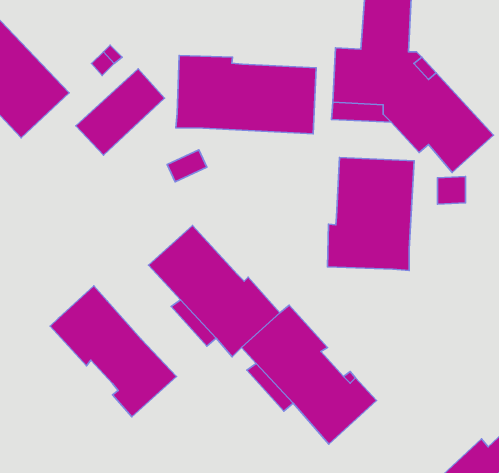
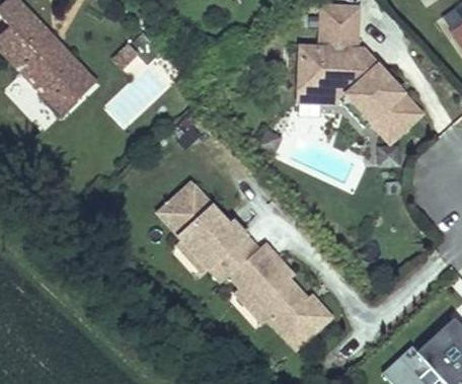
building: [176,55,316,134] -> none
building: [328,158,414,270] -> none
building: [50,286,177,417] -> none

